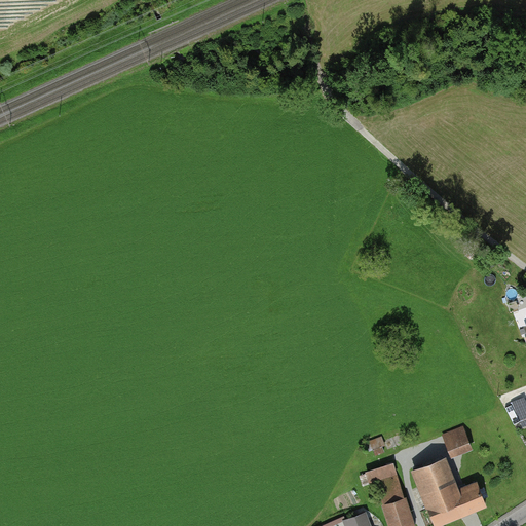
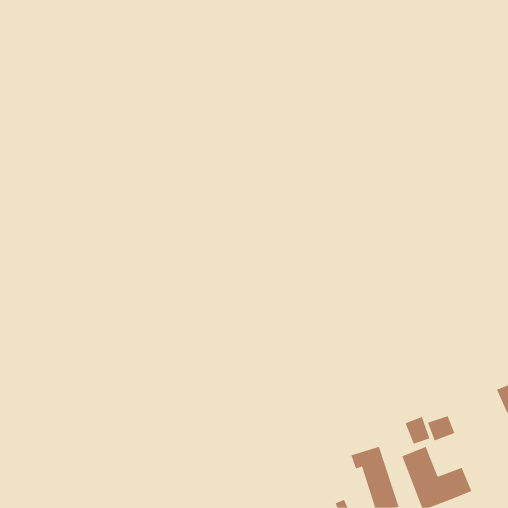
building: none -> [405,416,430,445]

